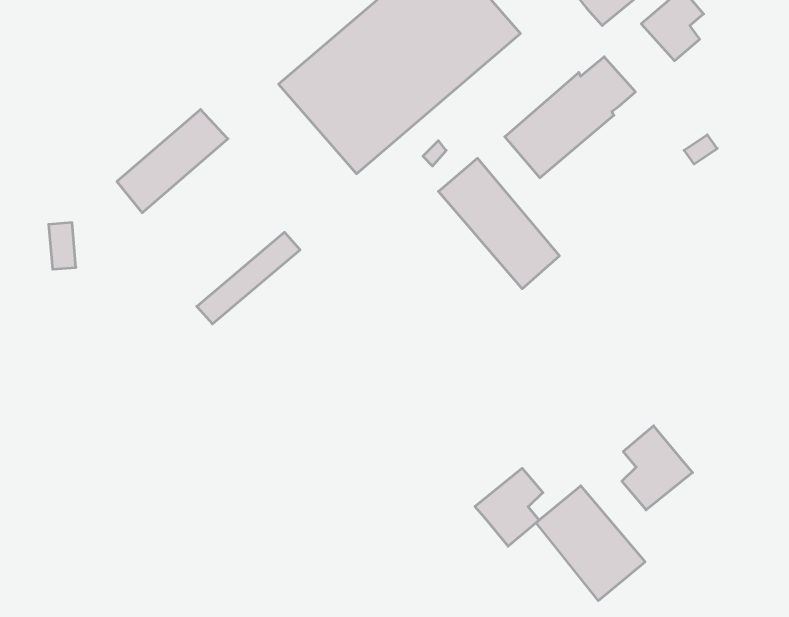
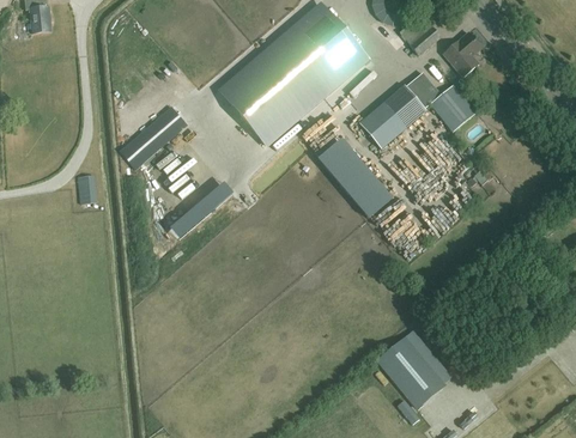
building: none -> [429,84,475,132]
building: [622,426,693,510] -> none
building: [475,468,543,546] -> none

